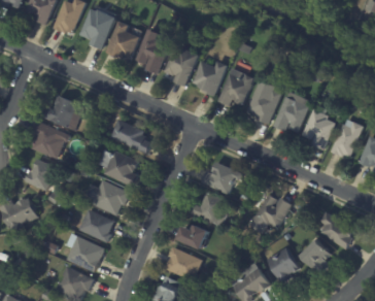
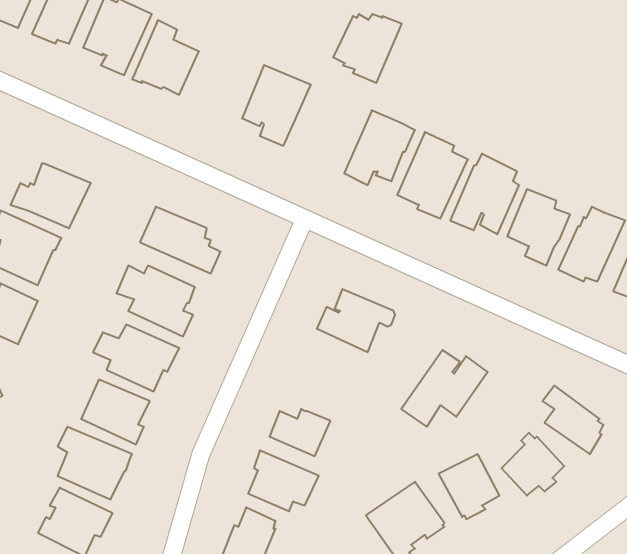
building: [135,29,168,74] -> none
building: [191,60,227,96] -> [333,14,402,83]
building: [189,193,232,228] -> none

